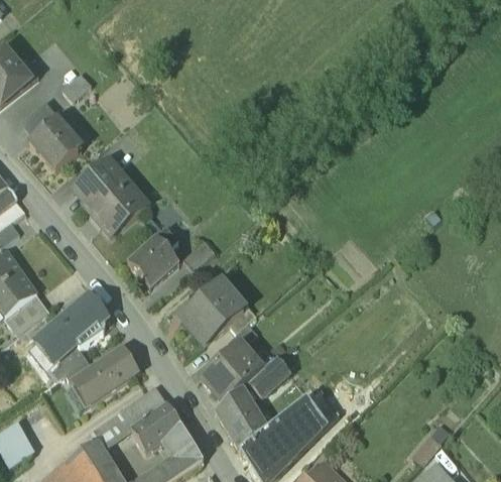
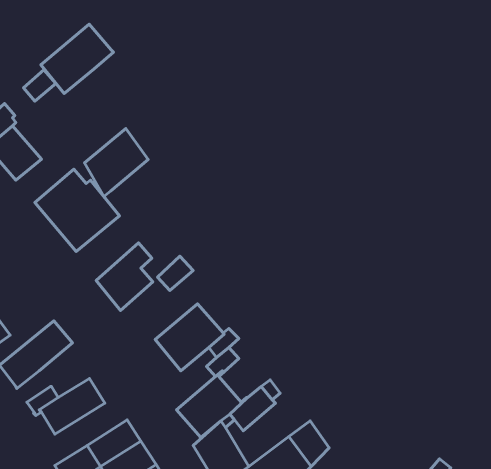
building: none -> [41,24,114,93]
building: none -> [85,128,148,197]
building: [46,343,87,377] -> none

